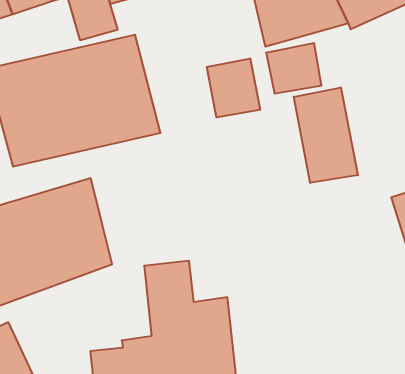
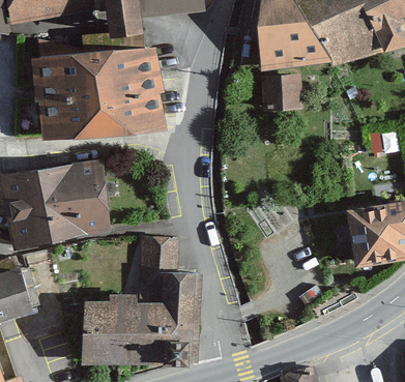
building: [207,58,260,117] -> none
building: [294,87,358,183] -> none

